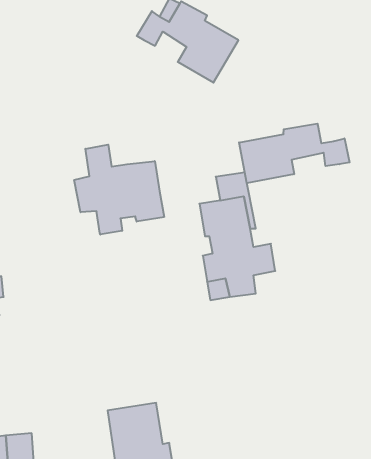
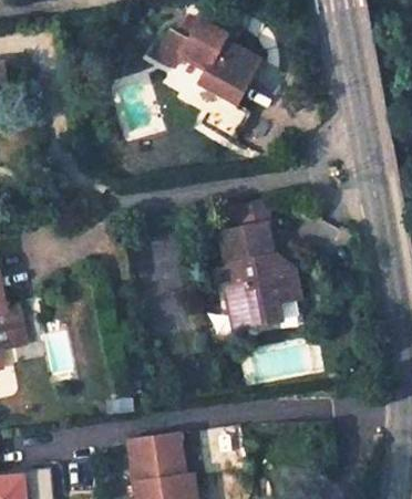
building: [239,124,350,183] -> none
building: [74,145,164,235] -> none

